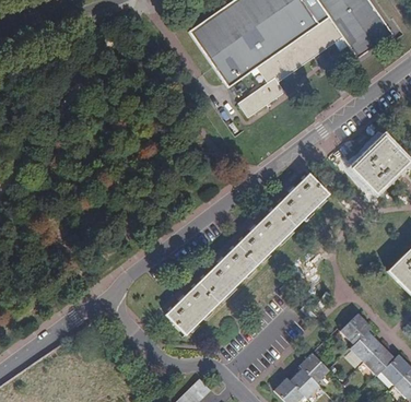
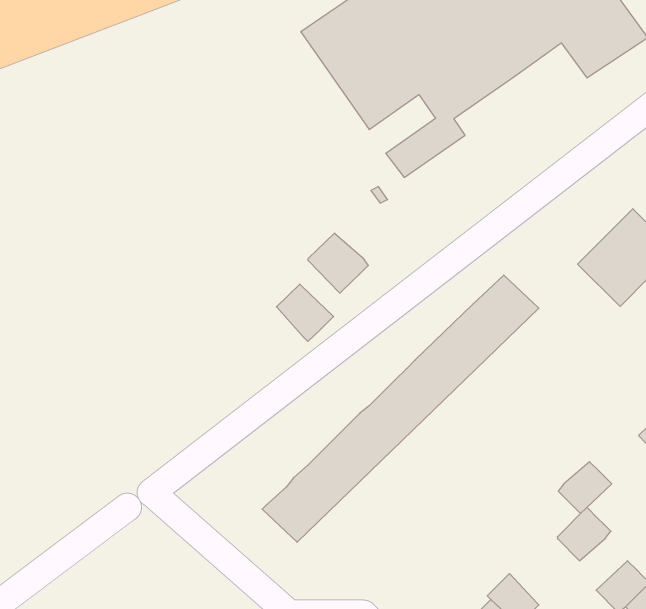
building: none -> [308,233,368,293]
building: none -> [276,284,334,341]
building: [350,331,381,362] -> [558,462,612,513]

